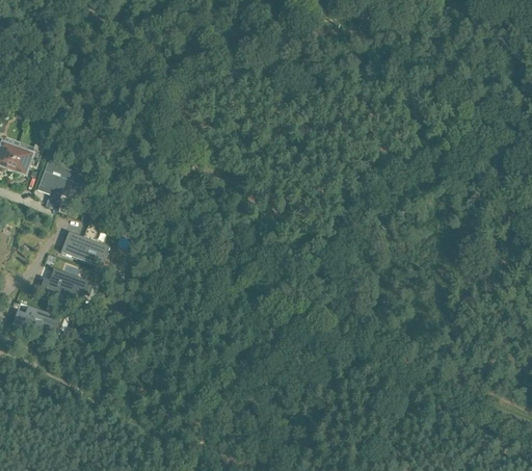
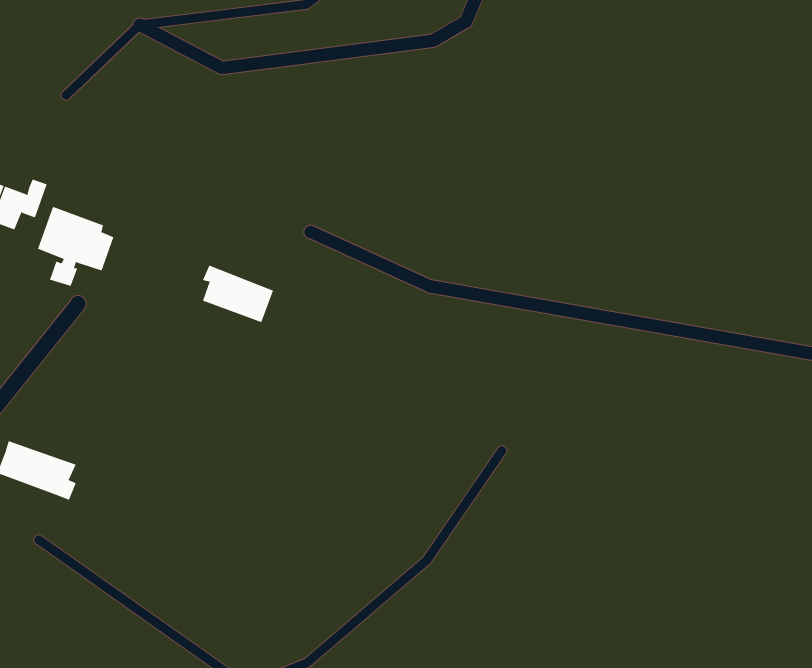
building: [64,230,108,265] -> [202,265,274,323]
building: [39,265,92,299] -> none

